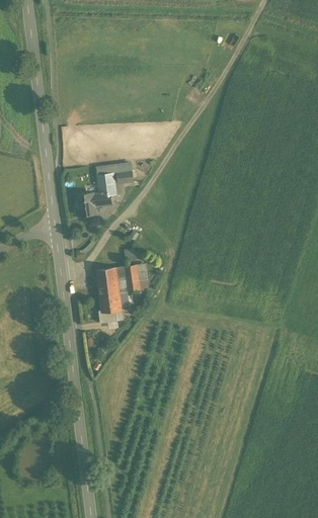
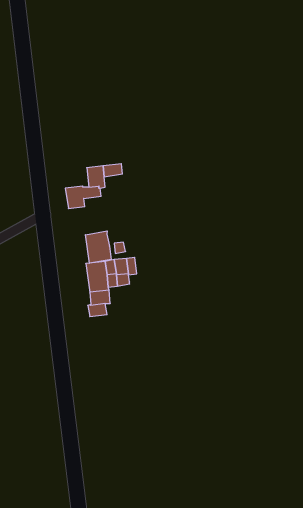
building: none -> [85,231,111,263]

